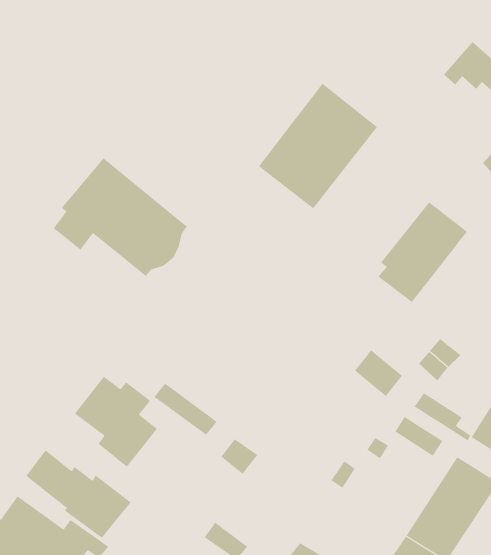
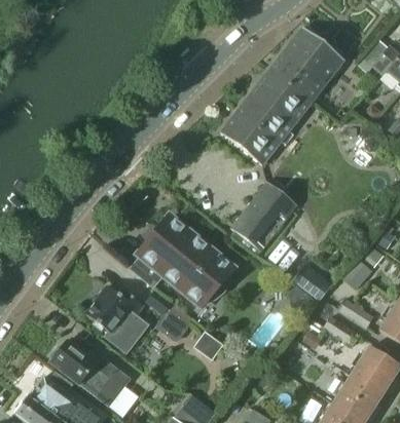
building: none -> [269,27,344,103]
building: [53,157,188,277] -> [134,216,233,304]
building: [377,201,468,303] -> [229,181,296,256]

